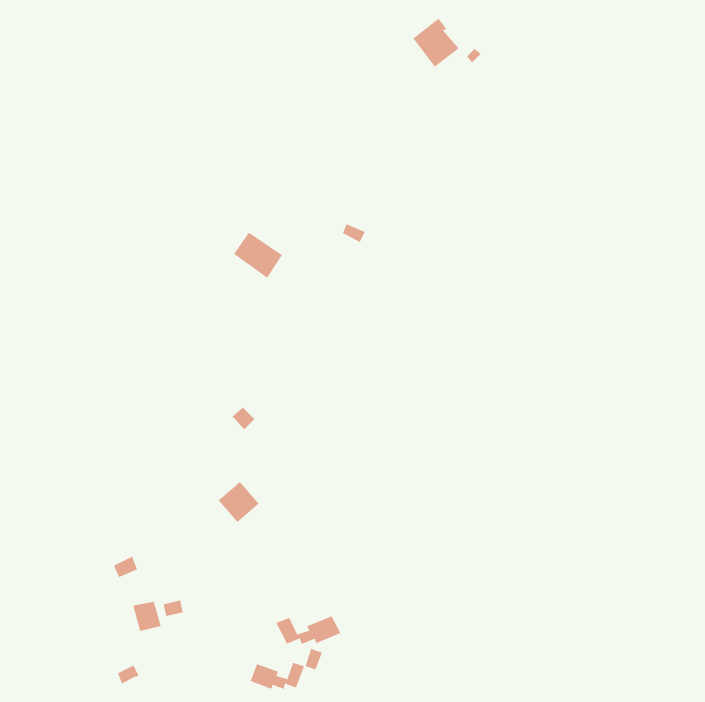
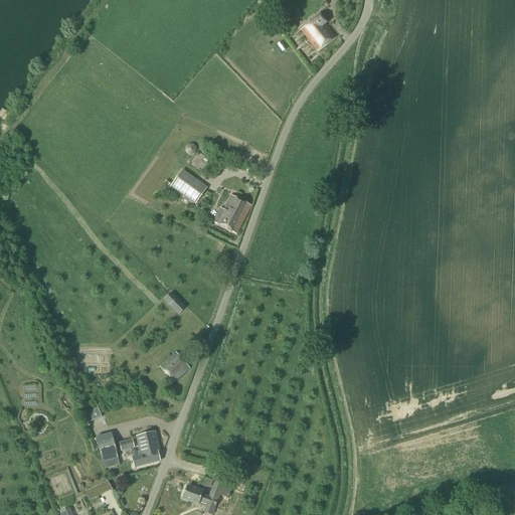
building: none -> [213,194,250,231]
building: none -> [132,431,160,466]
building: [275,615,341,645] -> none

